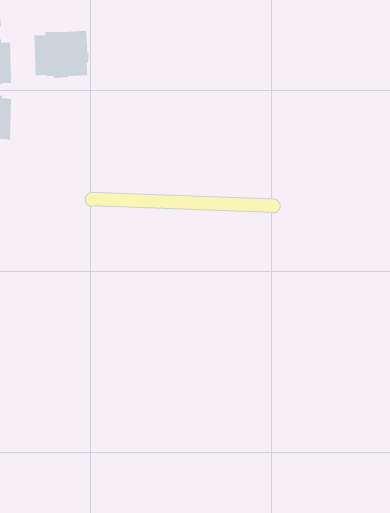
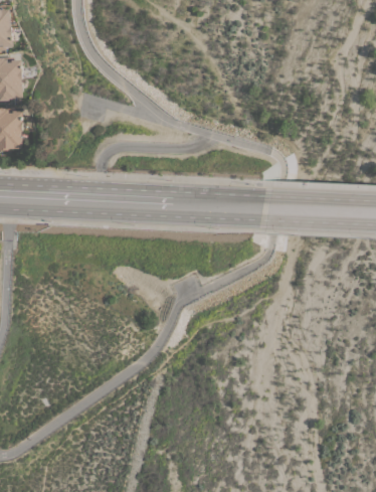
building: [34,30,89,79] -> none

